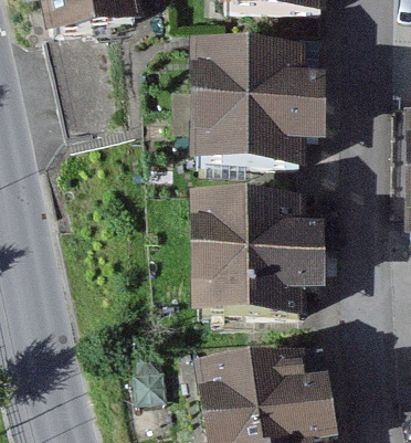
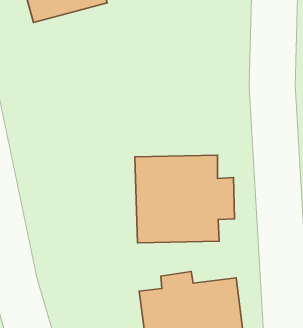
building: [194,49,315,155] -> none

